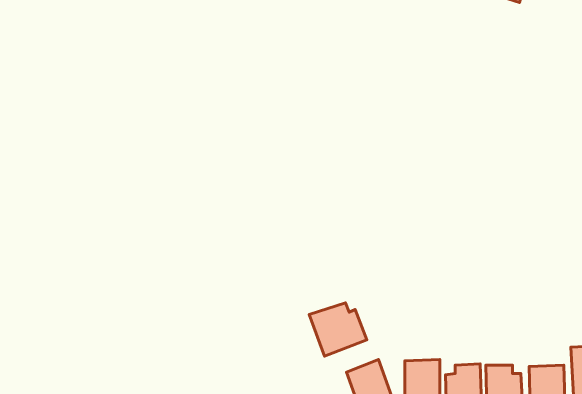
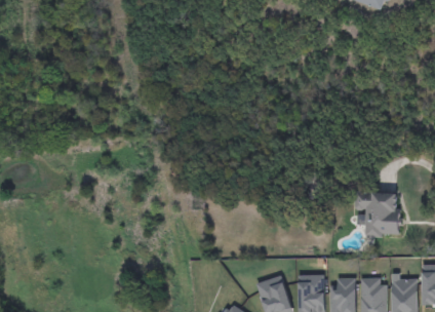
building: none -> [356,192,399,238]
building: [309,303,367,356] -> none

